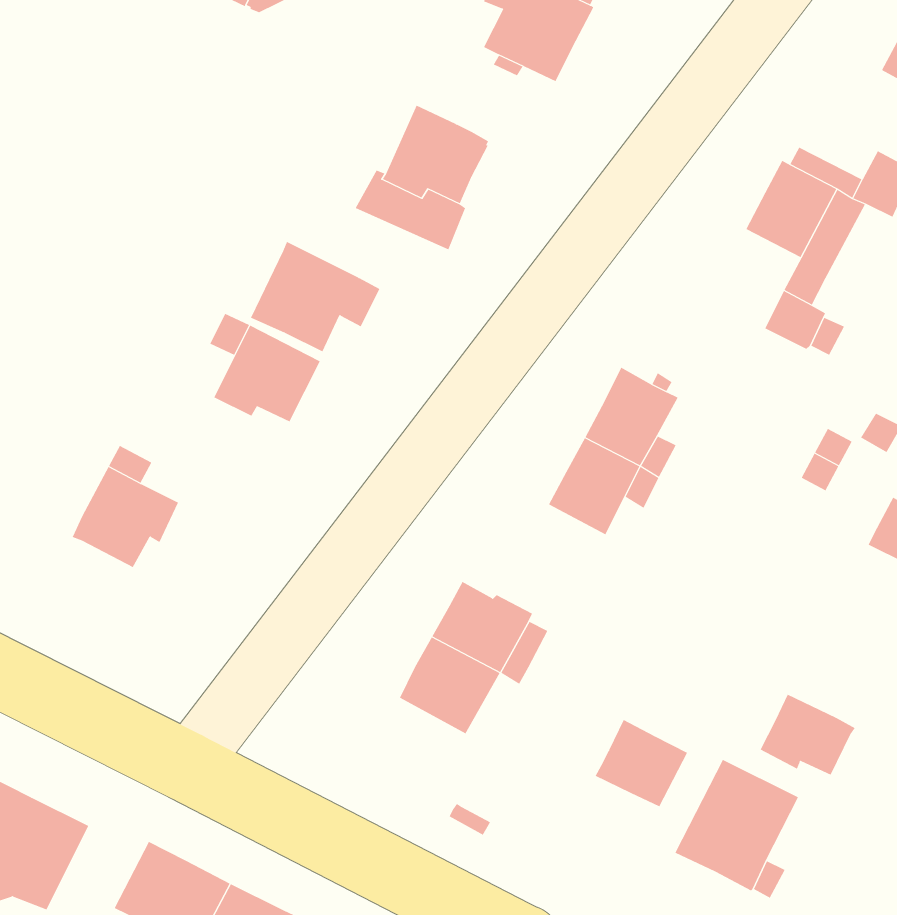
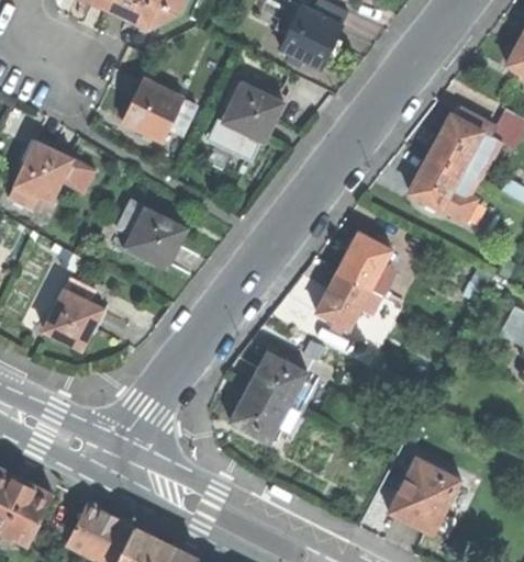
building: none -> [9,140,94,204]
building: none -> [409,153,461,210]
building: [250,241,380,352] -> [122,77,197,140]
building: [760,694,855,776] -> none
building: [595,719,688,807] -> none

